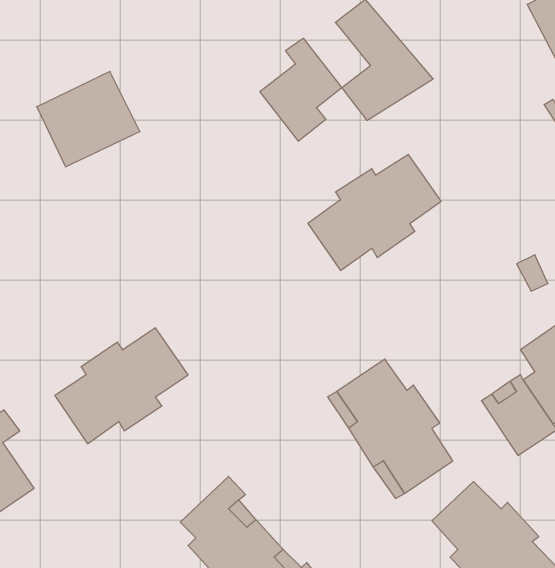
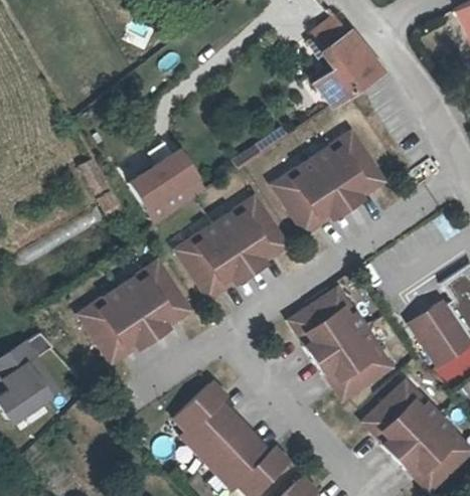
building: [260,38,342,141] -> none
building: [37,71,140,167] -> [131,148,210,221]
building: none -> [176,202,279,292]

